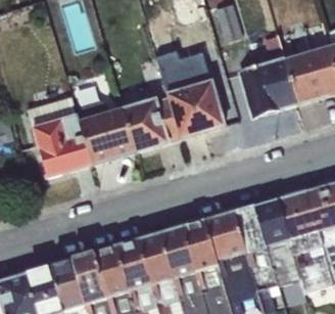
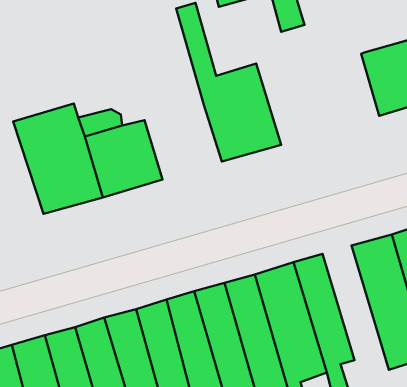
building: [240,58,297,118] -> none
building: [124,96,181,151] -> none
building: [255,200,300,285] -> none

